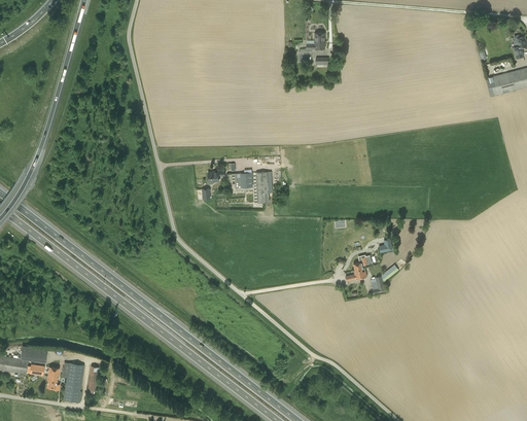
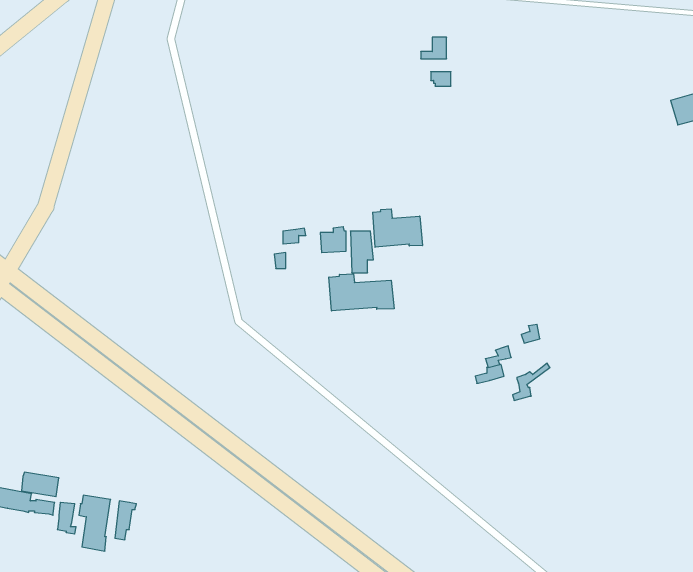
building: none -> [373,209,422,247]
building: none -> [329,274,394,311]

